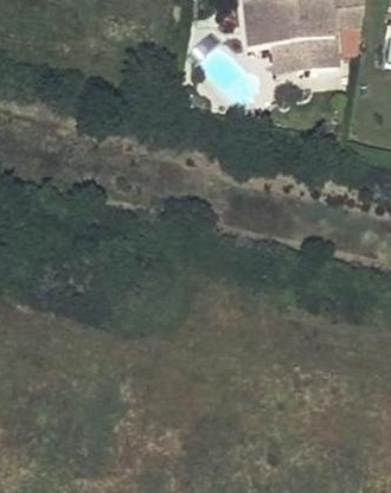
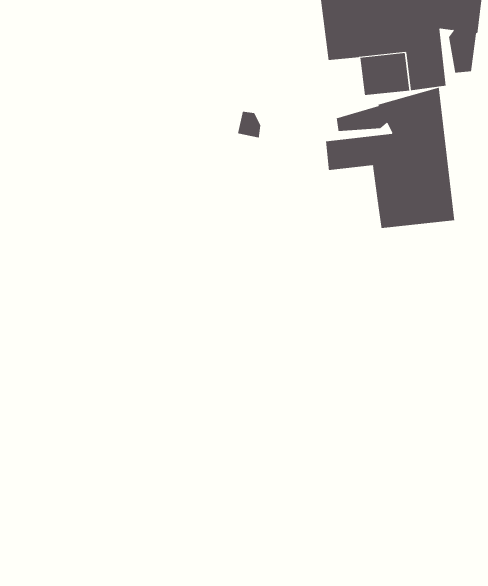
building: none -> [326,87,455,229]

